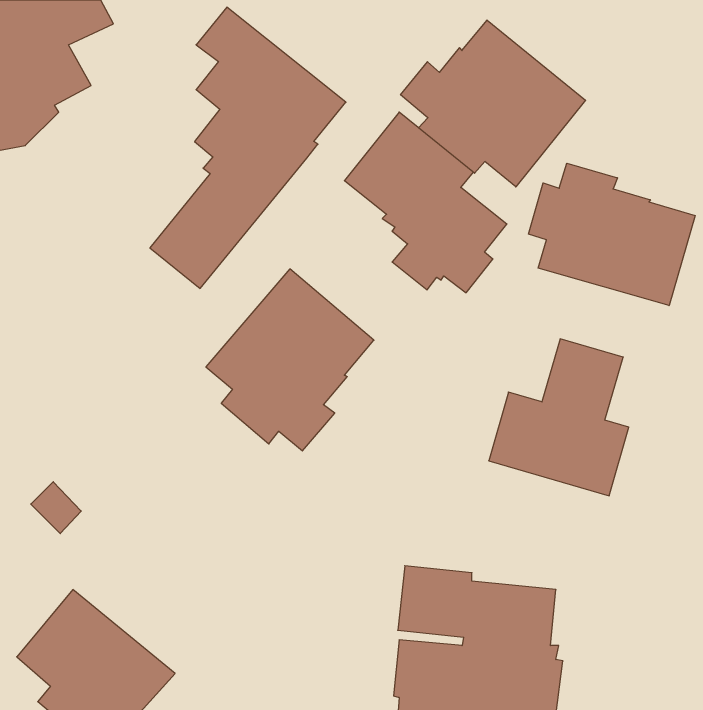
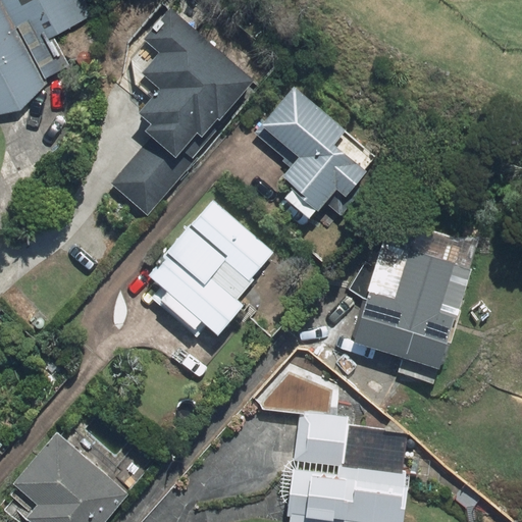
building: [401,20,586,187] -> none
building: [528,163,695,306] -> none
building: none -> [257,378,332,419]

